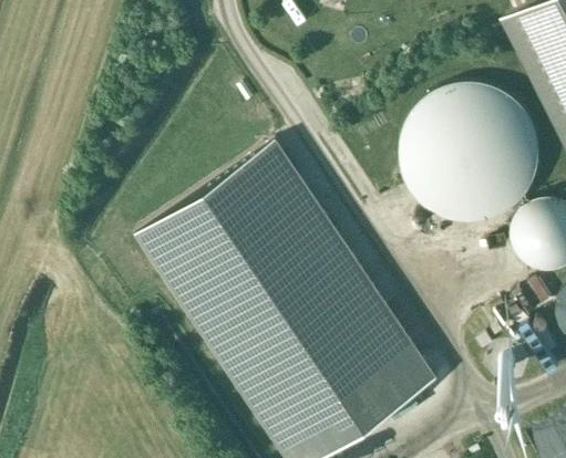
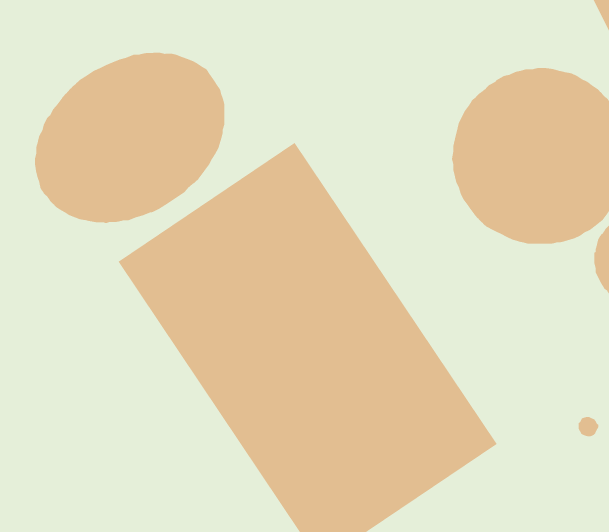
building: none -> [34,52,225,224]

